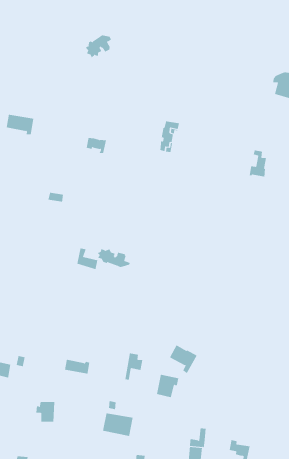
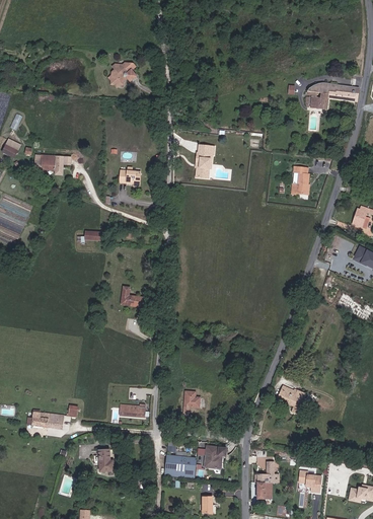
building: [97,248,130,268] -> none
building: [169,345,198,374] -> [276,384,305,414]
building: [156,374,179,398] -> [204,445,226,468]

